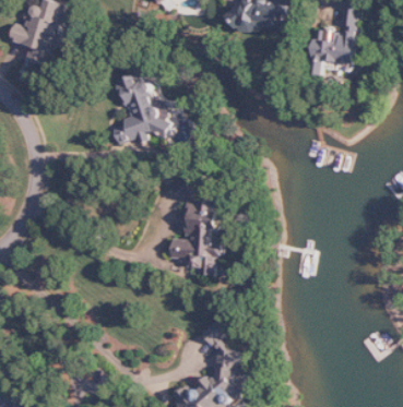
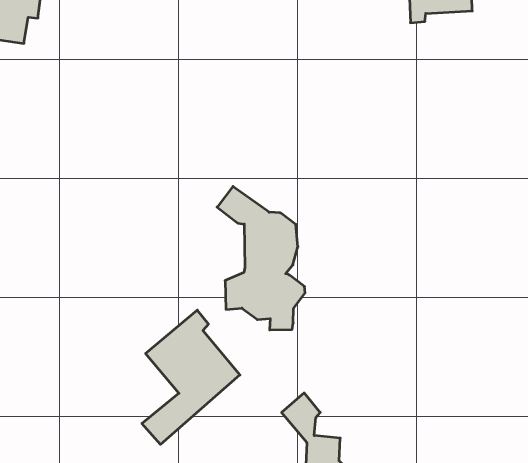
building: [110,70,170,144] -> none
building: none -> [142,310,240,444]

